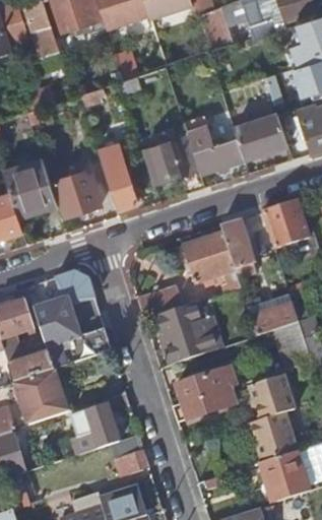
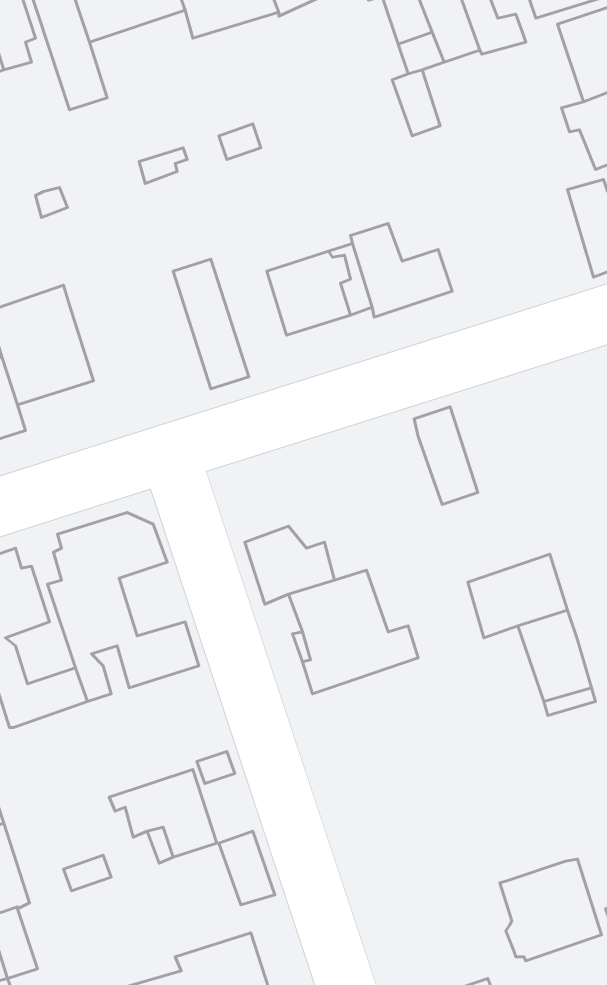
building: [234,113,287,158] -> none
building: [45,164,101,216] -> none
building: [263,199,309,248] -> none
building: [185,234,241,291] -> none
building: [70,298,104,335] -> none
building: [172,367,237,421] -> none
building: [16,369,68,425] -> none
building: [250,375,298,460] -> none

